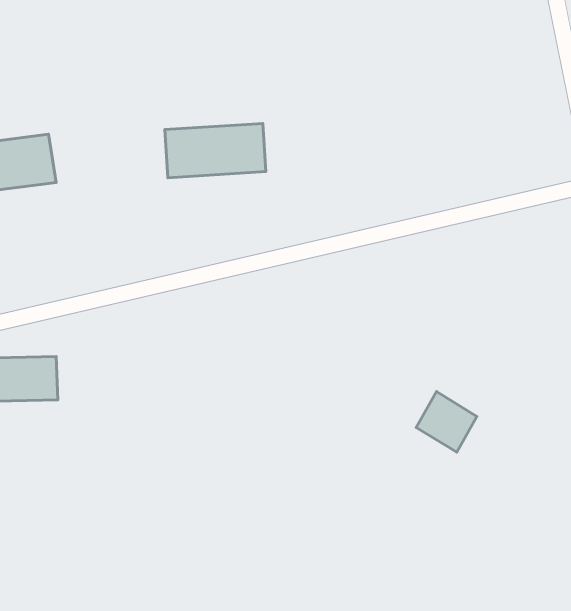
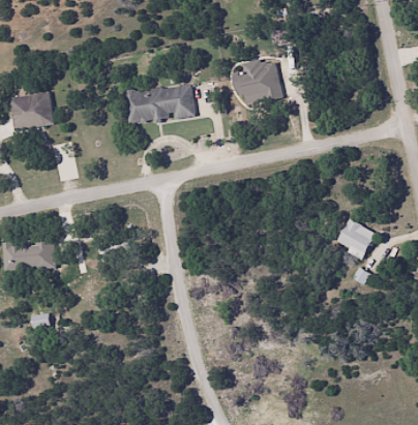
building: none -> [231,58,282,104]
building: [416,392,477,452] -> [335,217,376,257]

